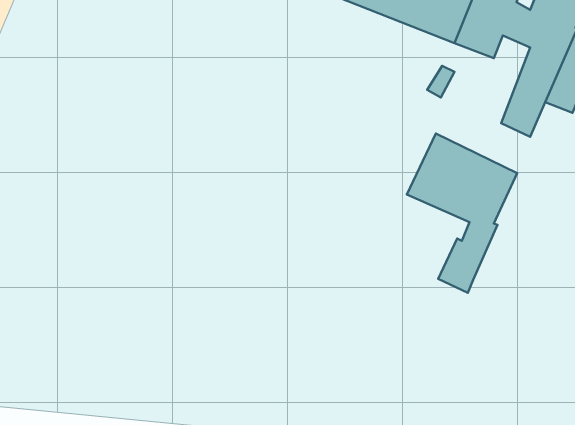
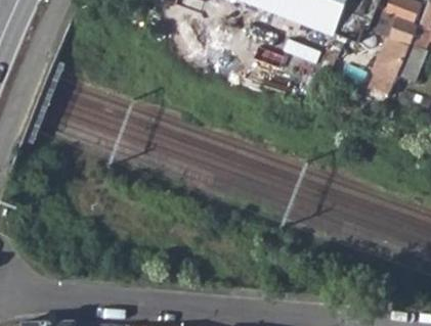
building: [407,134,517,293] -> none

